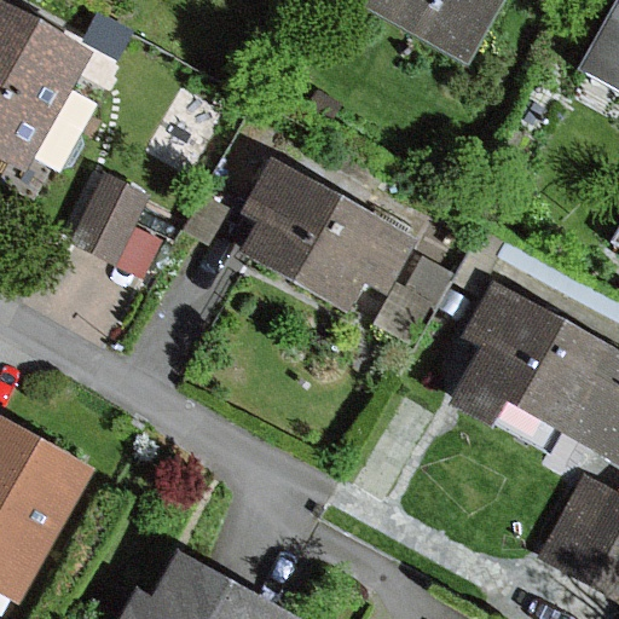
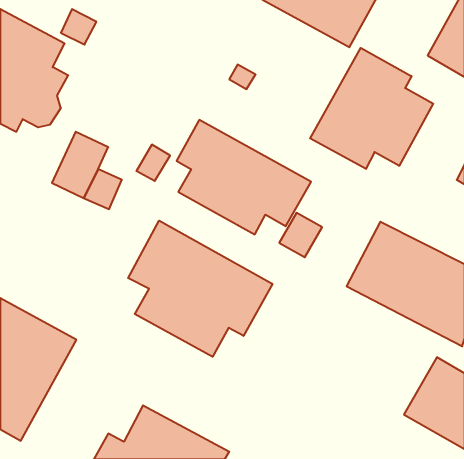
building: none -> [310,48,433,169]
building: none -> [128,221,272,357]

